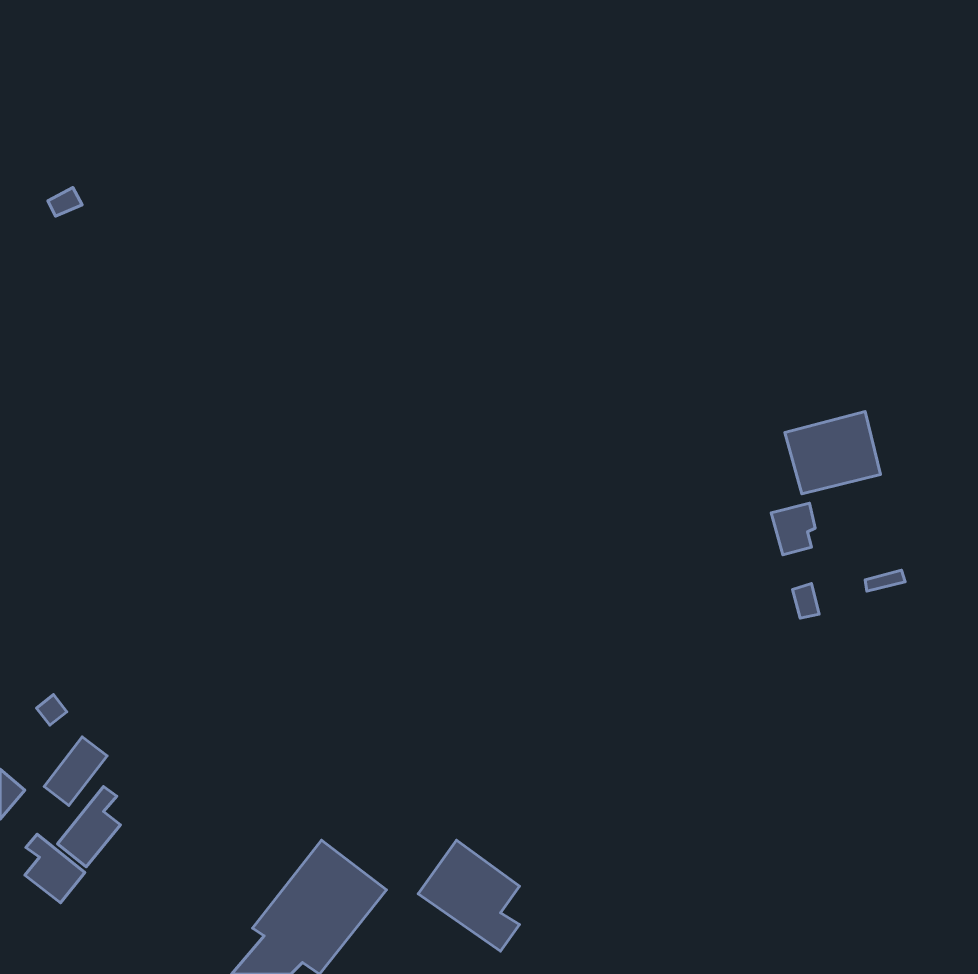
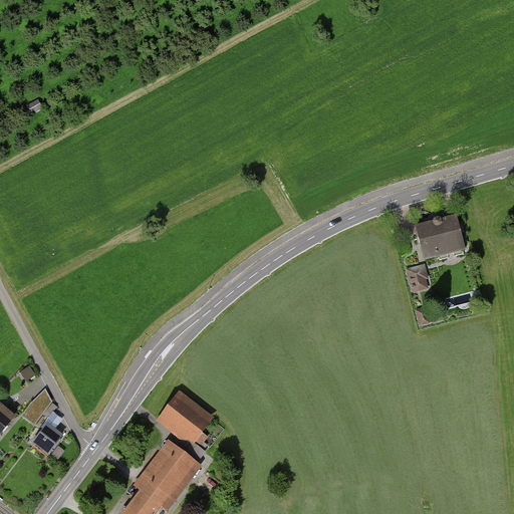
building: [25,834,85,903] -> none
building: [418,840,520,951] -> [157,392,210,450]

